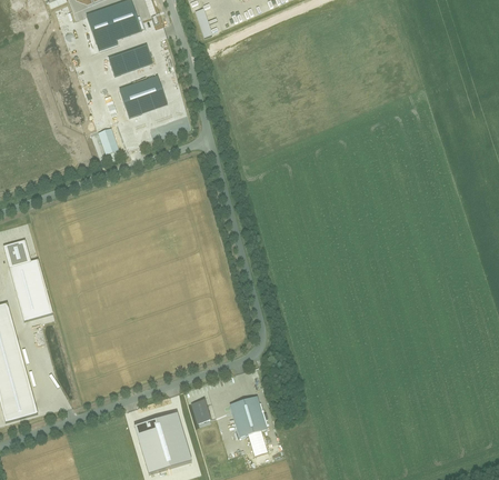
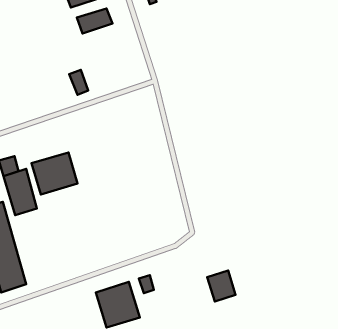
building: [117,72,167,117] -> none
building: none -> [32,153,78,195]
building: [228,396,266,437] -> [207,271,236,301]

